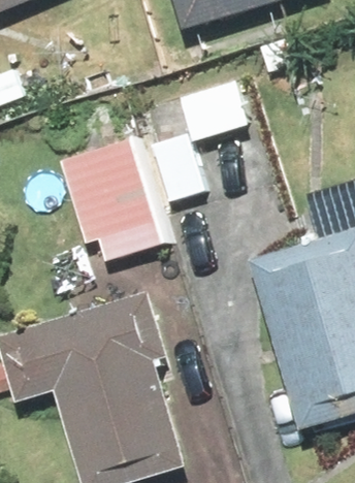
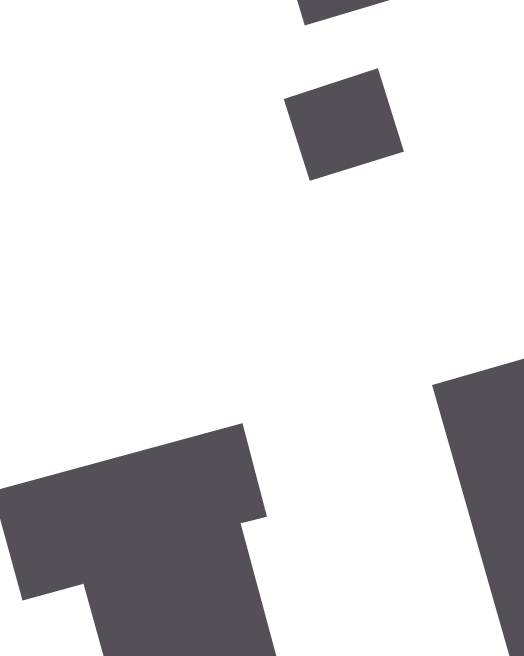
building: [58,131,158,263] -> none

